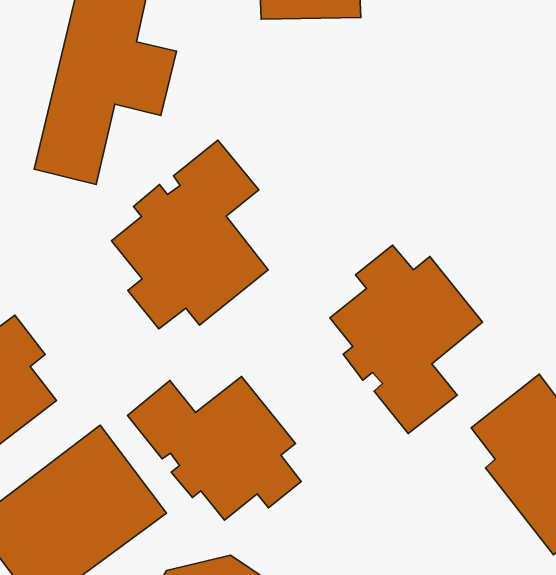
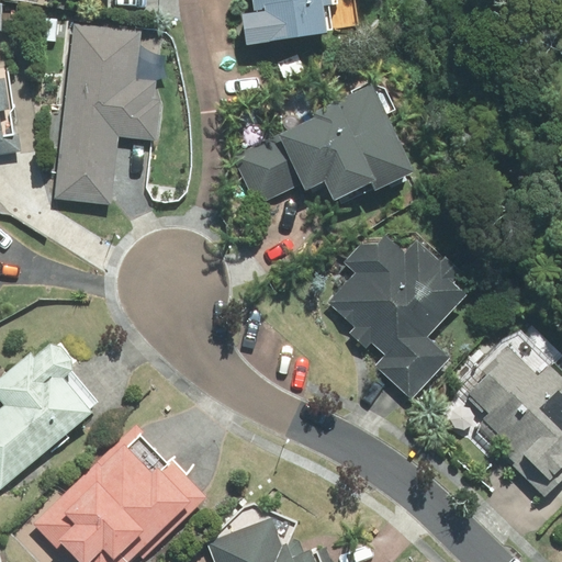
building: none -> [234,85,408,209]
building: [111,140,268,329] -> none
building: [127,377,301,520] -> none

